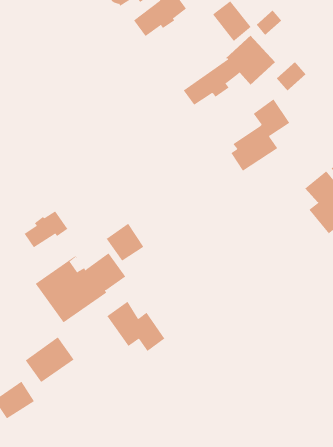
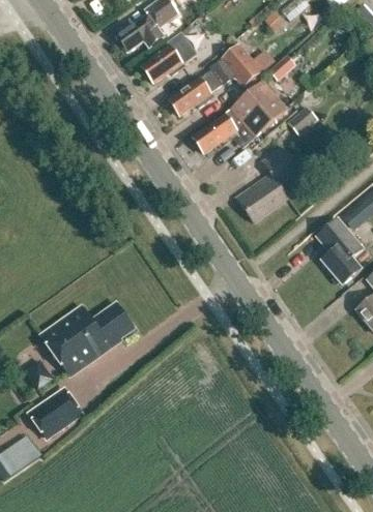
building: none -> [169,70,223,115]
building: [24,211,68,248] -> none
building: [106,223,144,262] -> none
building: [107,301,165,352] -> none

